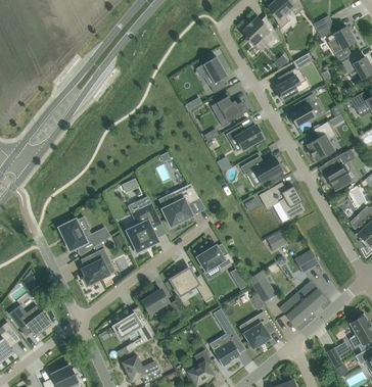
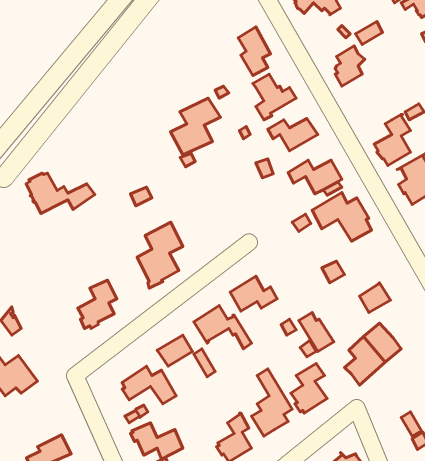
building: [288,94,316,127] -> none
building: [160,184,198,227] -> [171,98,220,155]
building: [58,220,110,250] -> [26,173,95,213]

